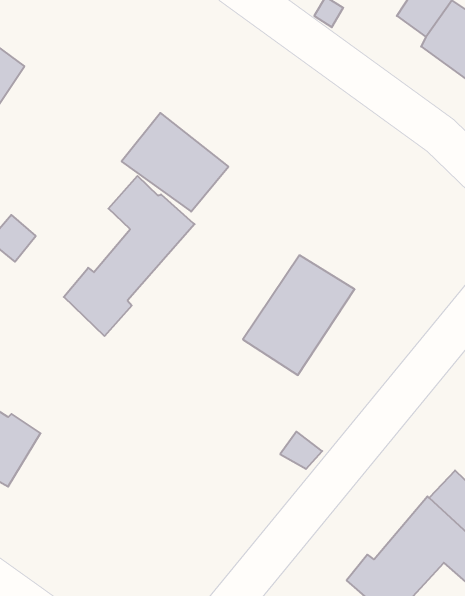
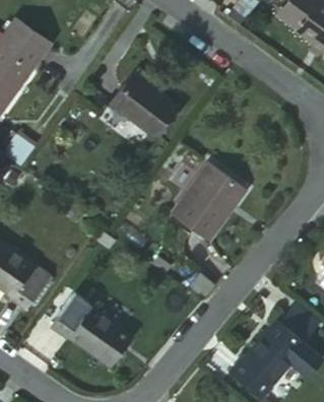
building: [64,176,195,336] -> none
building: none -> [46,296,128,371]

